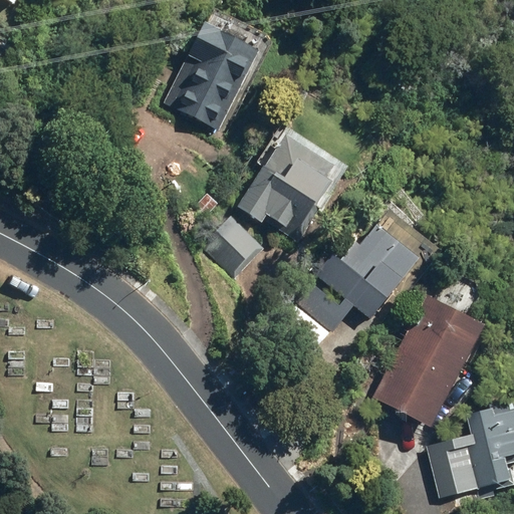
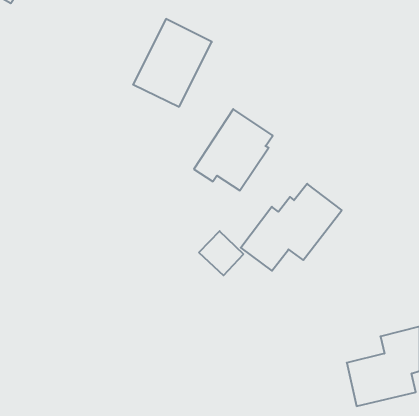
building: [204,219,258,273] -> [199,231,243,275]
building: [373,296,484,428] -> none

